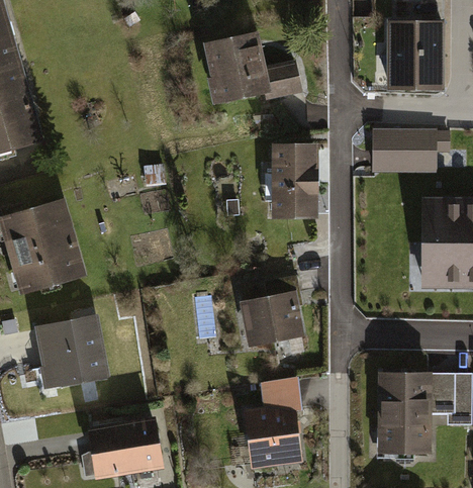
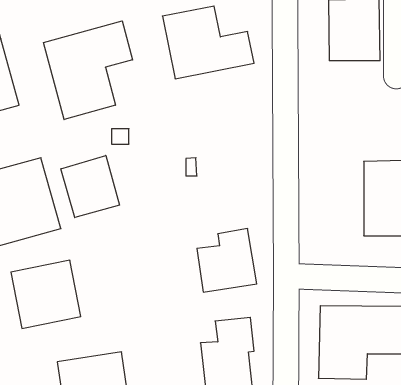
building: none -> [43,21,133,120]
building: [372,128,436,174] -> none
building: [269,142,317,220] -> none
building: none -> [61,155,120,218]

